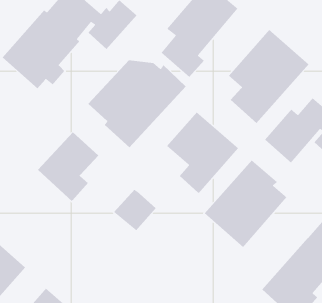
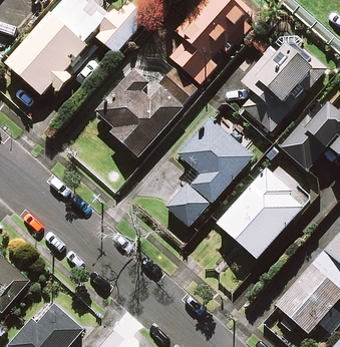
building: [37,132,99,202] -> none
building: [113,189,156,231] -> [164,184,210,228]

